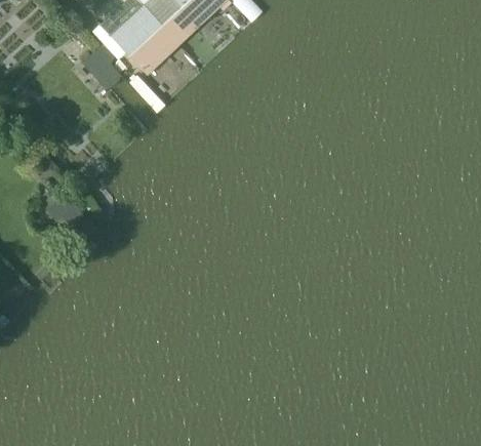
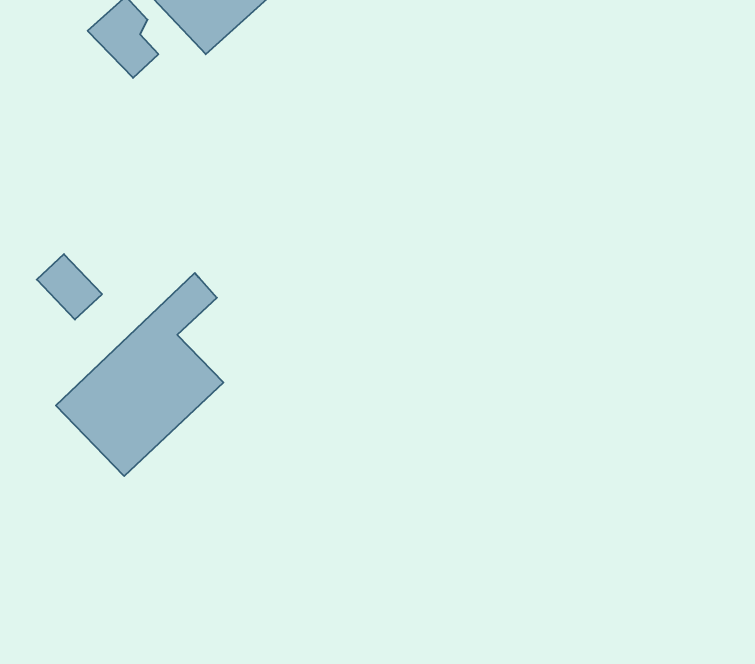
building: none -> [56,273,223,476]

